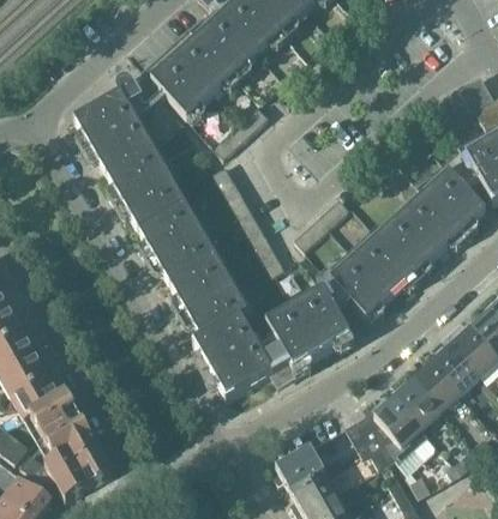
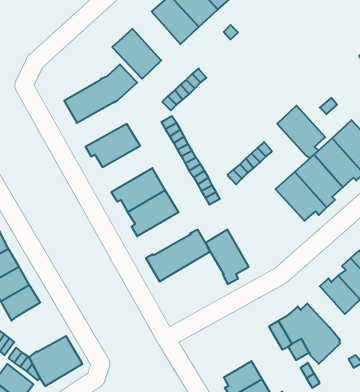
building: [175,32,235,93] -> none
building: [73,74,143,144] -> none
building: [106,145,168,201] -> none
building: [138,200,200,258] -> none
building: [330,254,390,320] -> [277,106,325,158]
building: [181,283,248,337] -> none
building: [294,288,353,351] -> none
building: [209,332,294,398] -> none
building: [394,375,440,427] -> none
building: [30,391,92,458] -> none
building: [270,446,324,489] -> none

